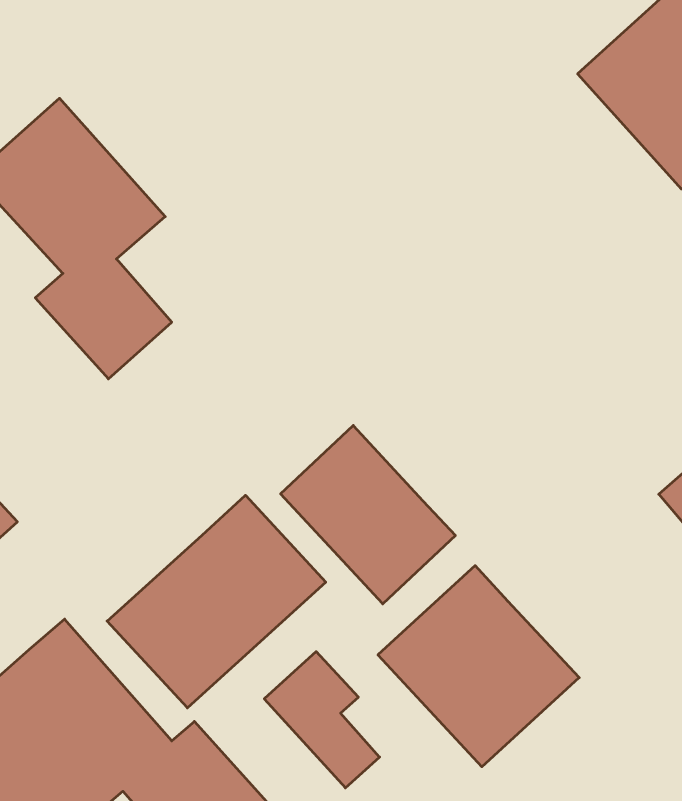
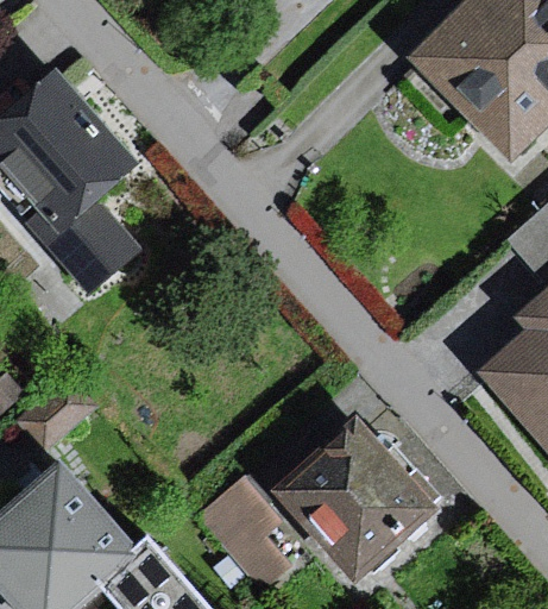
building: [281,425,455,604] -> none
building: [107,495,326,708] -> none

